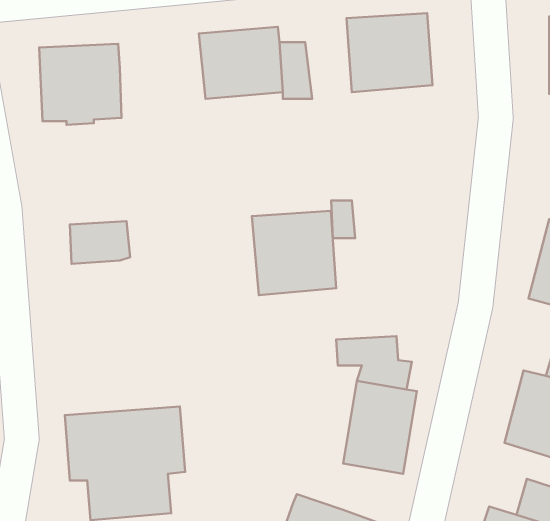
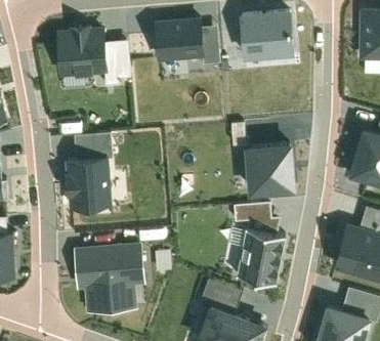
building: none -> [105,41,130,83]
building: [252,211,336,295] -> [244,148,294,199]
building: none -> [67,158,109,211]
building: none -> [203,281,243,306]

